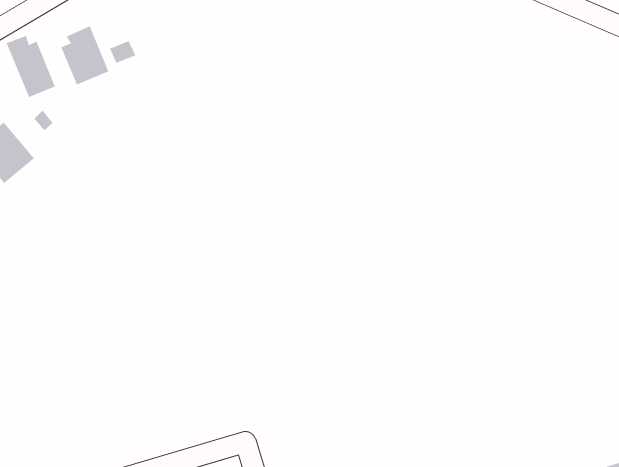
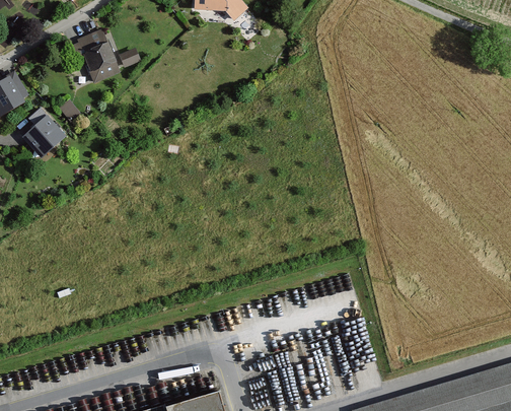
building: [6,35,56,98] -> none

